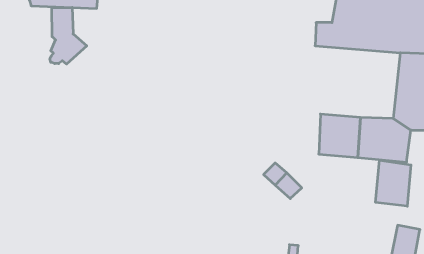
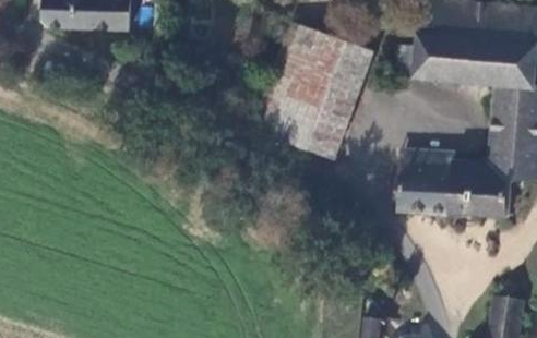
building: none -> [254,26,372,157]
building: [50,7,87,64] -> none
building: [376,160,411,206] -> none

